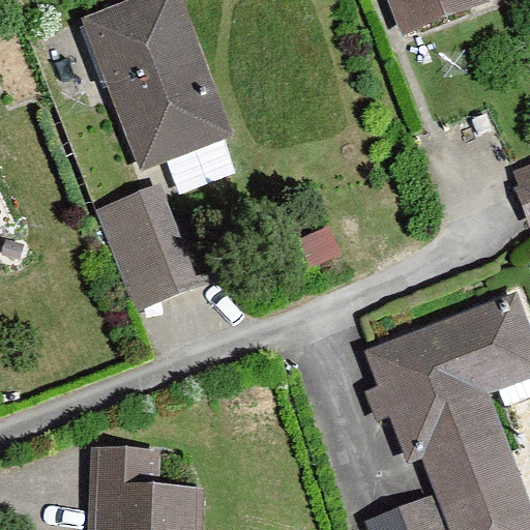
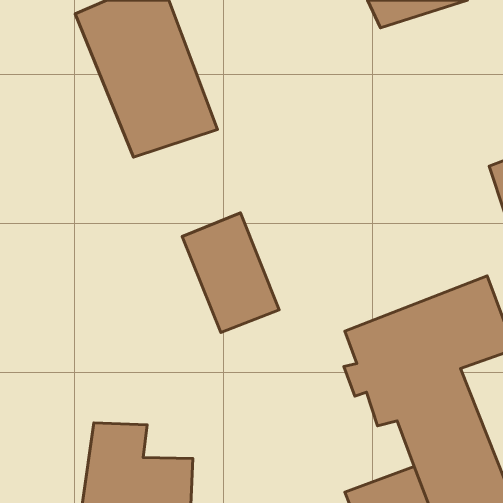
building: [101,196,203,321] -> [182,213,279,332]

